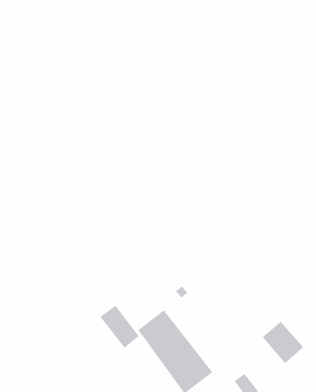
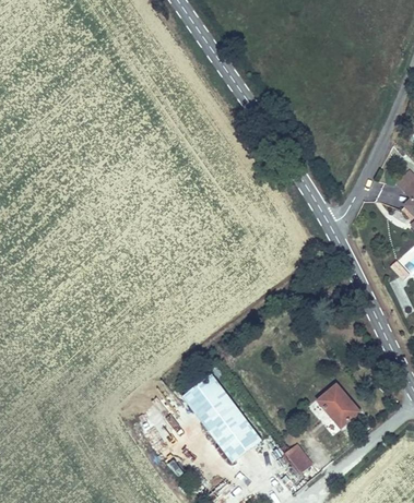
building: [100,305,139,348] -> none

